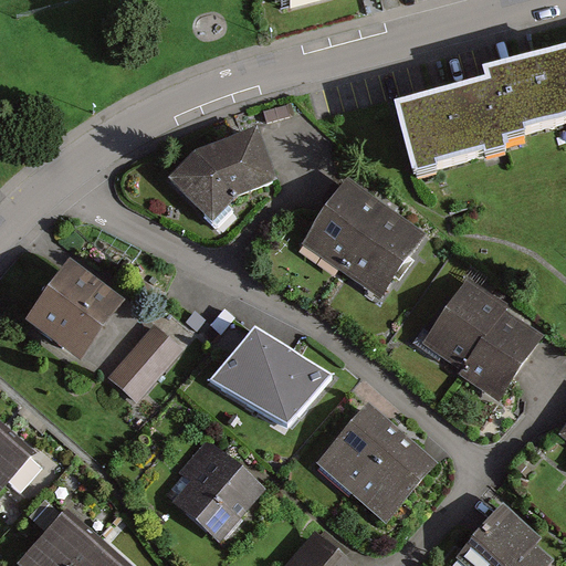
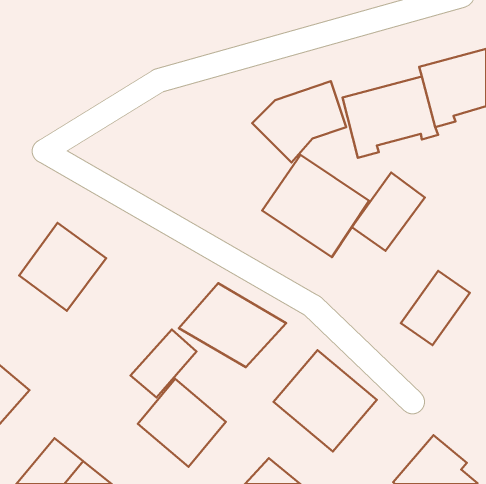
building: [166,129,274,223] -> [252,81,346,162]
building: [424,280,509,370] -> [352,173,425,251]
building: [105,322,181,400] -> [131,329,197,397]

